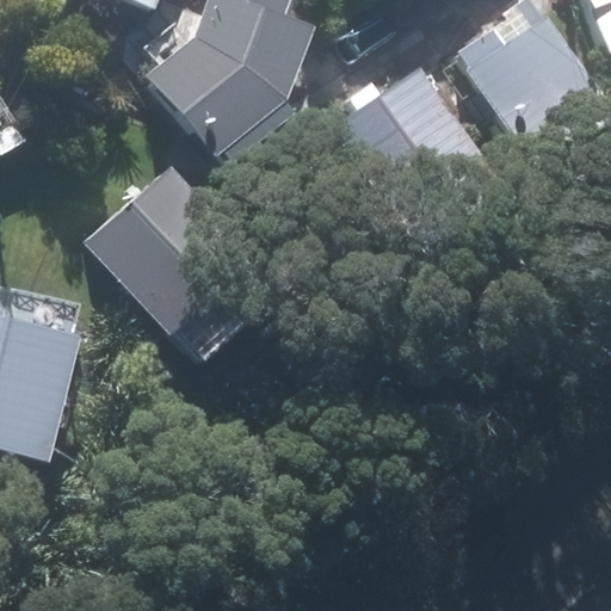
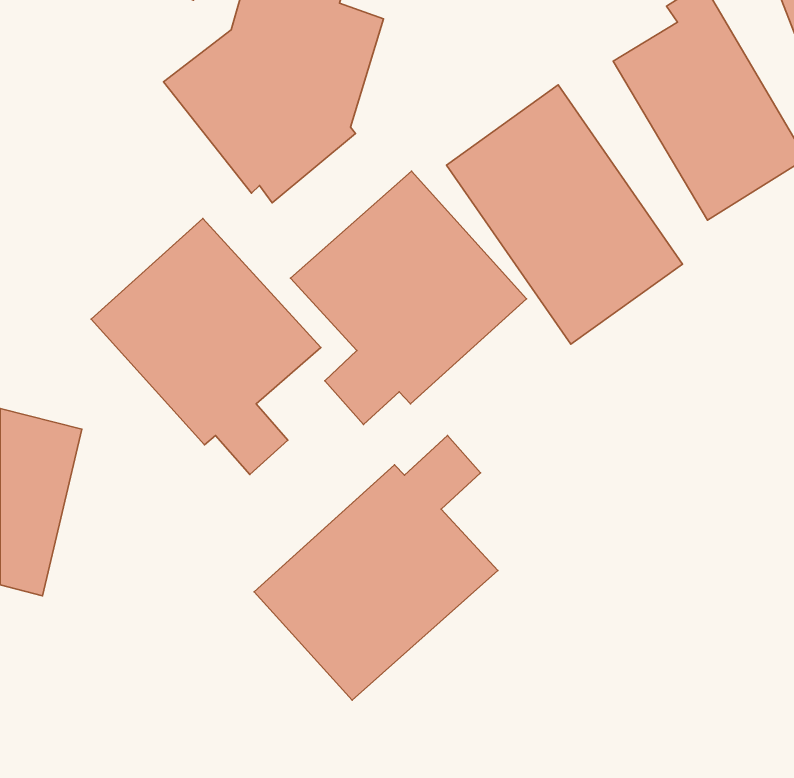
building: none -> [290,171,527,425]
building: none -> [254,436,498,700]

